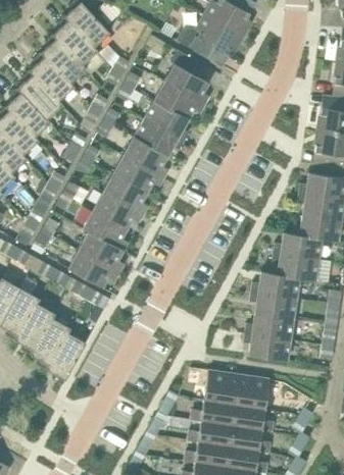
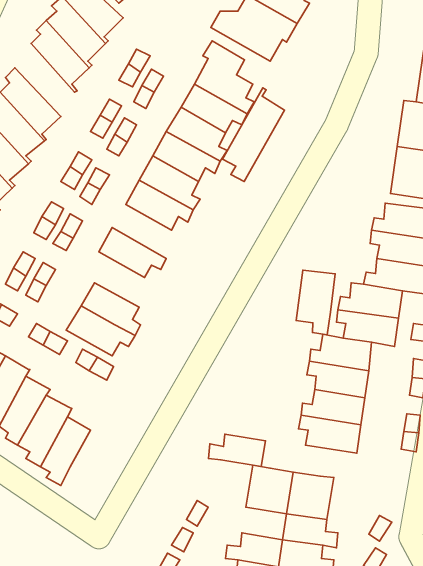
building: [29,52,73,107] -> none
building: none -> [223,88,284,182]
building: [102,173,148,214] -> none
building: [82,209,128,251] -> none
building: none -> [296,270,335,335]
building: [191,402,234,426] -> [209,434,265,467]

